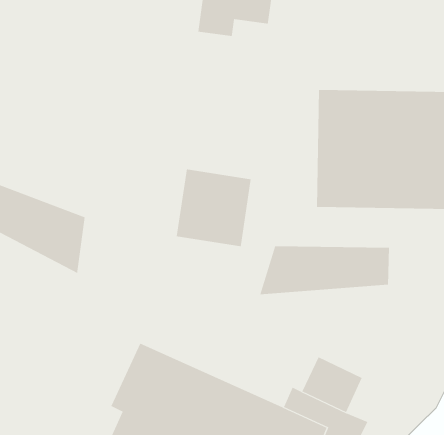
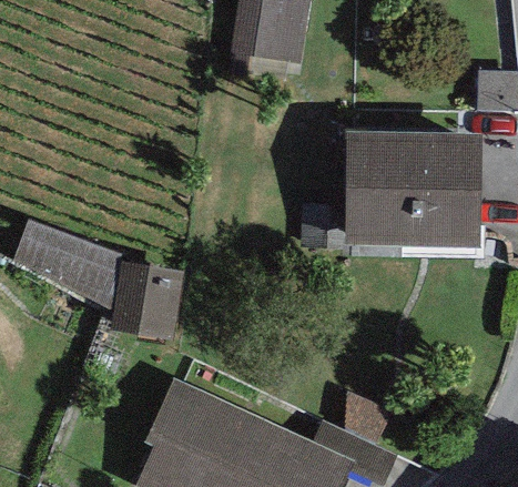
building: [176,169,252,247] -> [111,262,185,338]
building: [259,245,389,295] -> none

